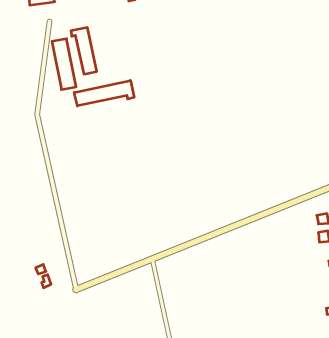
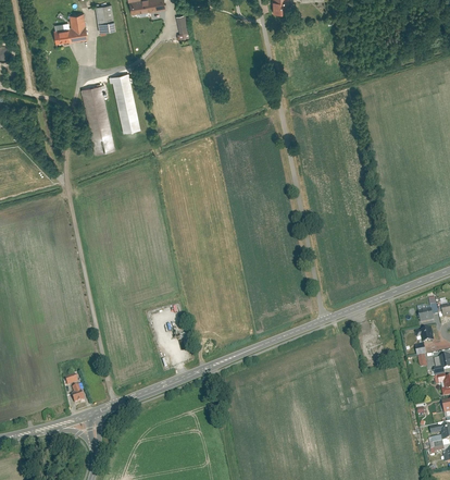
building: [74,80,134,106] -> none

